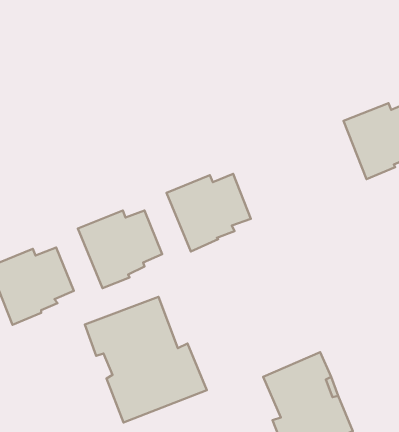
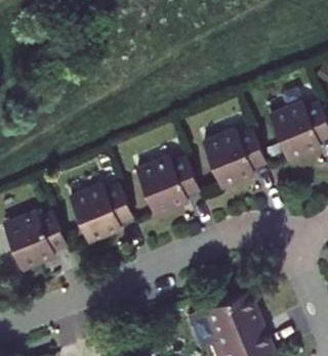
building: none -> [202,131,264,188]
building: [85,297,207,423] -> none

